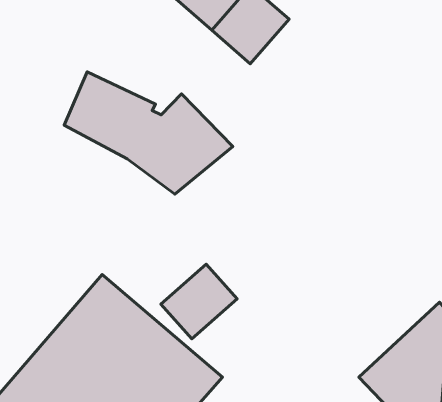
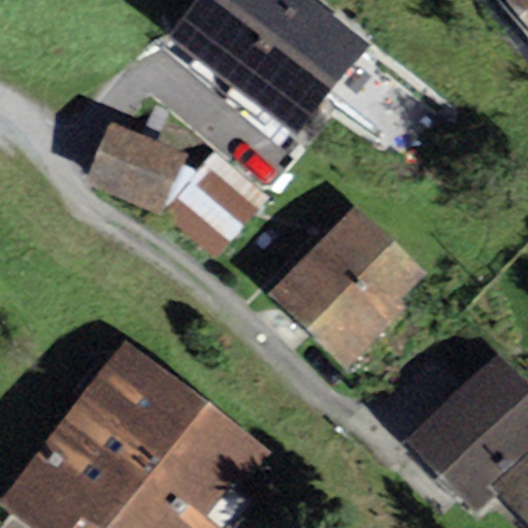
building: none -> [262,205,428,371]
building: [161,264,237,339] -> none

